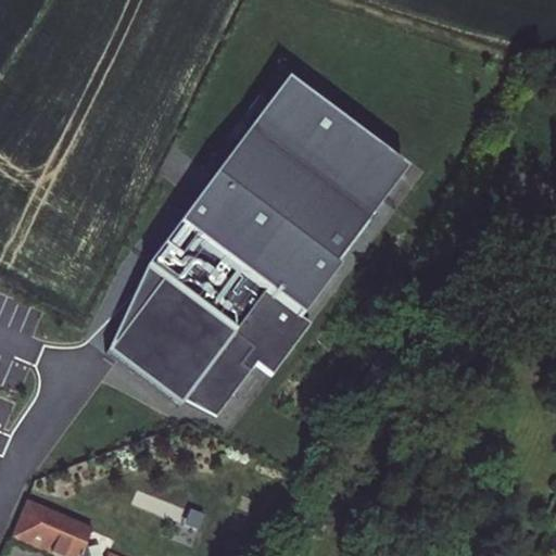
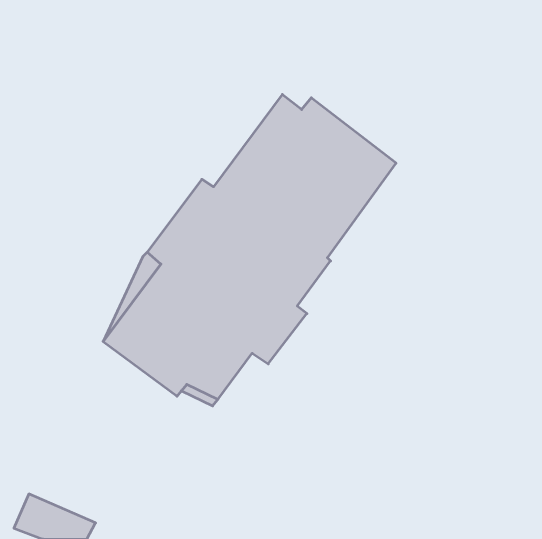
building: [211,75,321,189] -> none

